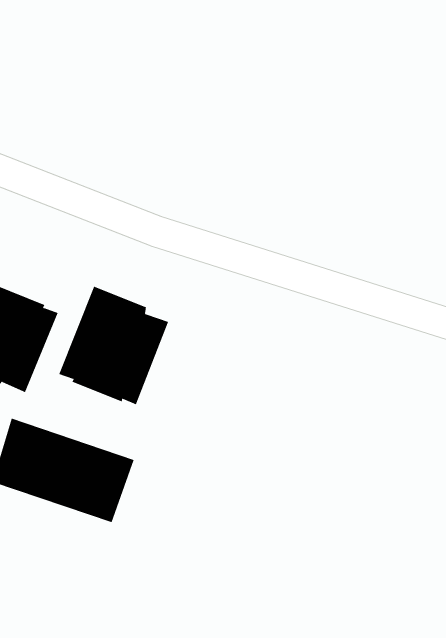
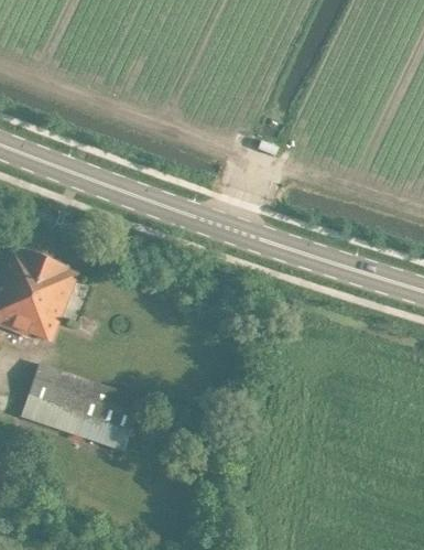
building: [59,286,169,405] -> none

